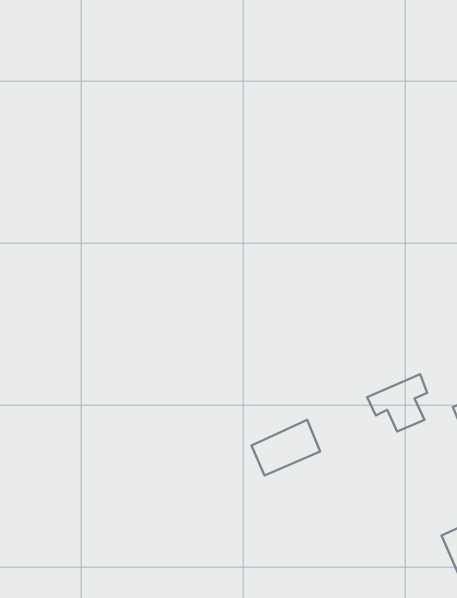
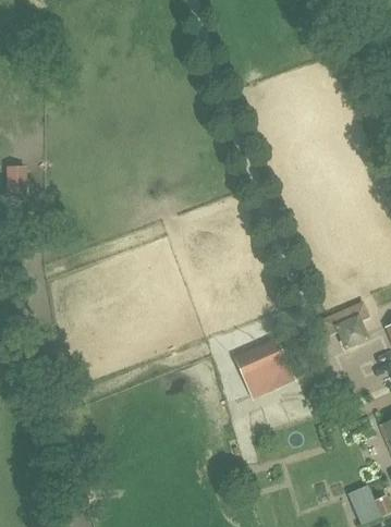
building: none -> [244,363,295,400]

